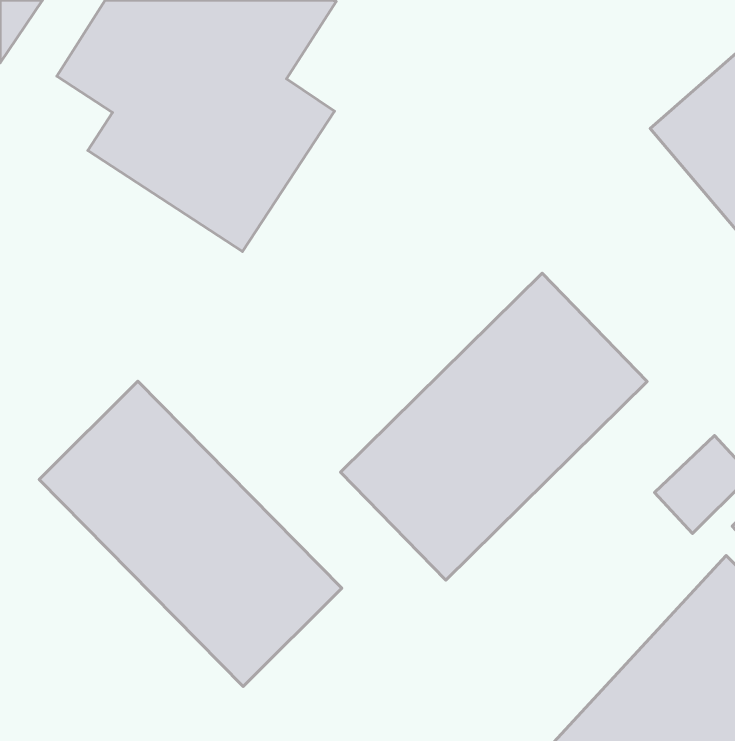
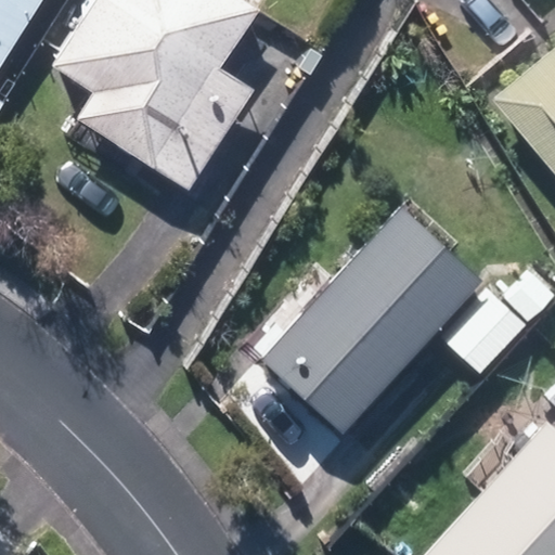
building: [39,381,342,687] -> none

